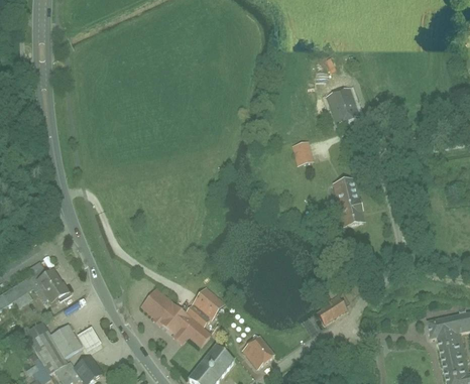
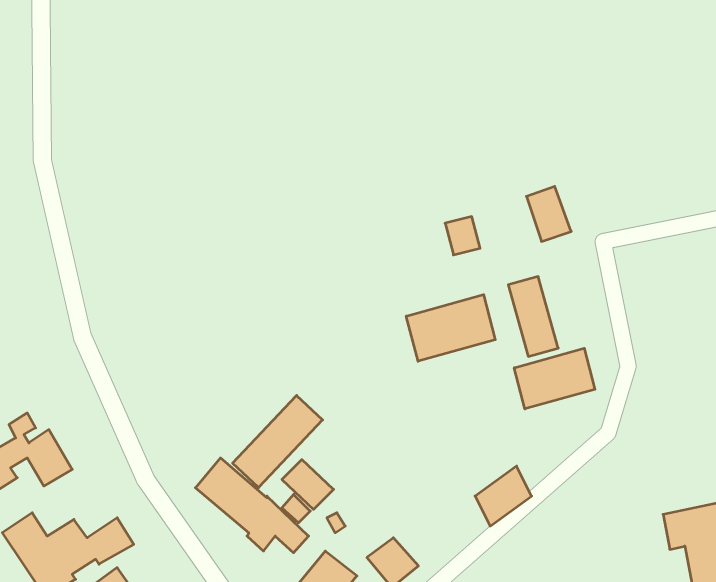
building: [325,91,352,124] -> [526,186,571,241]
building: none -> [406,295,495,361]
building: none -> [514,348,595,409]
building: none -> [233,395,323,488]

